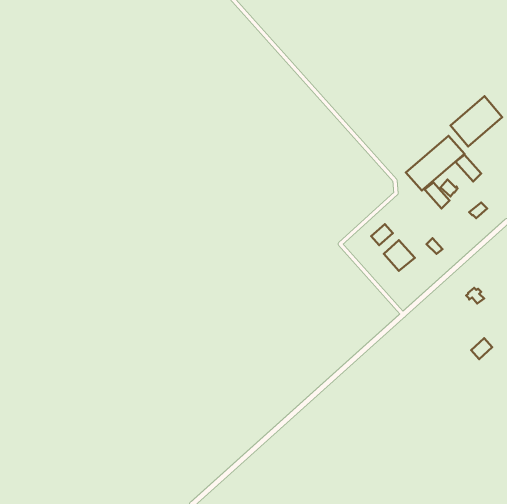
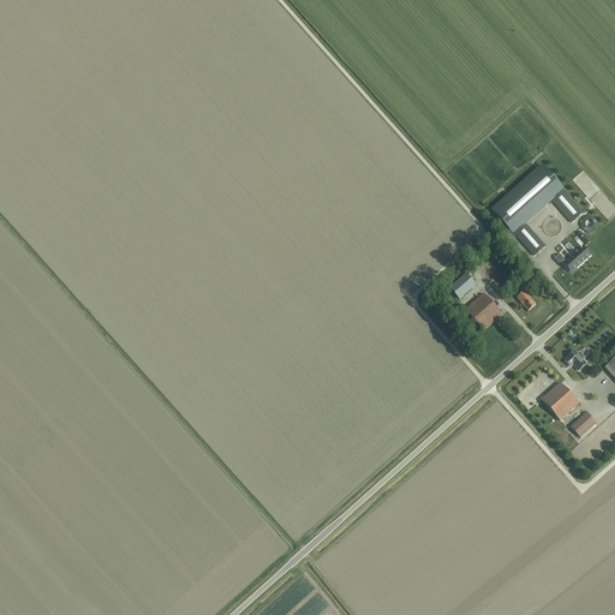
building: [450,96,502,147] -> none
building: none -> [541,381,578,418]

